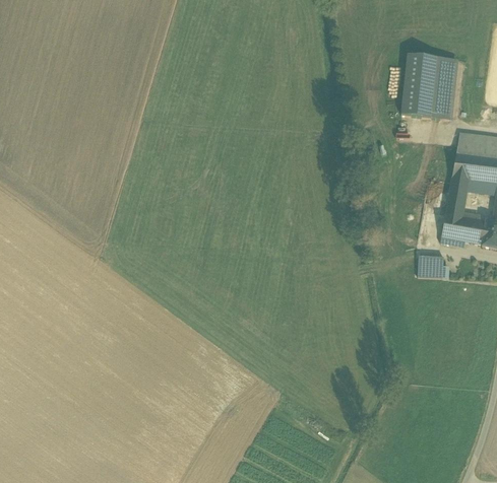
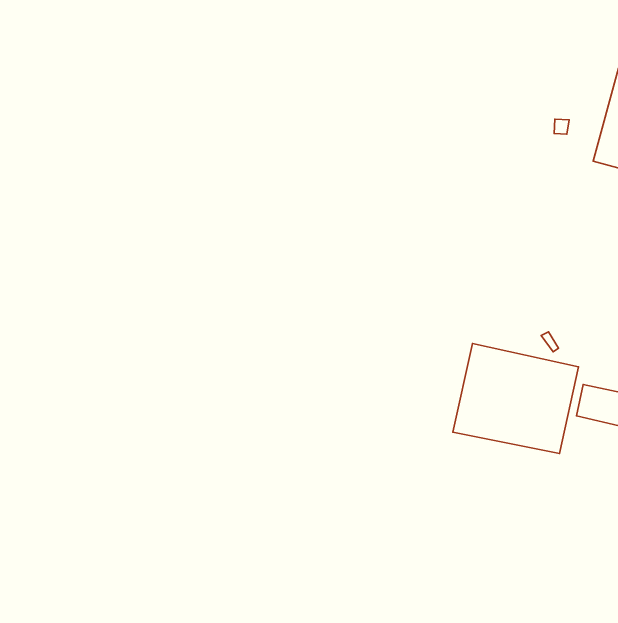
building: none -> [453,344,579,454]

